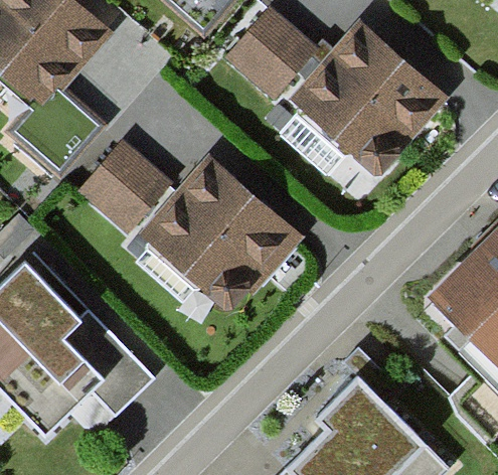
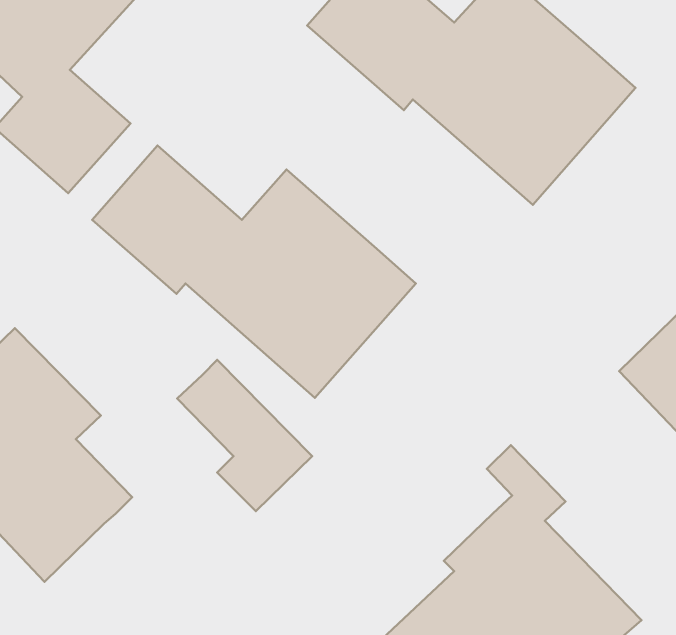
building: [64,312,156,415] -> [177,360,312,511]

